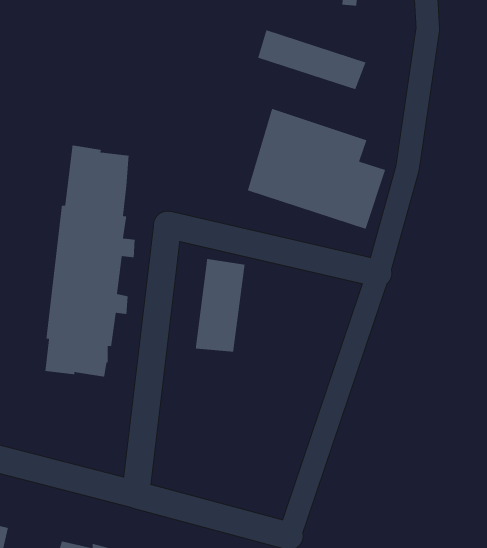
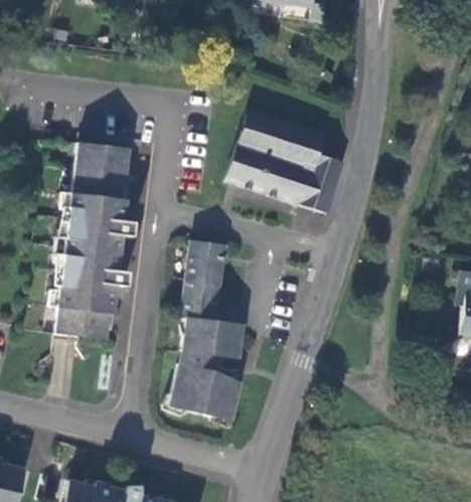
building: [257,29,367,90] -> none
building: none -> [169,304,246,422]

